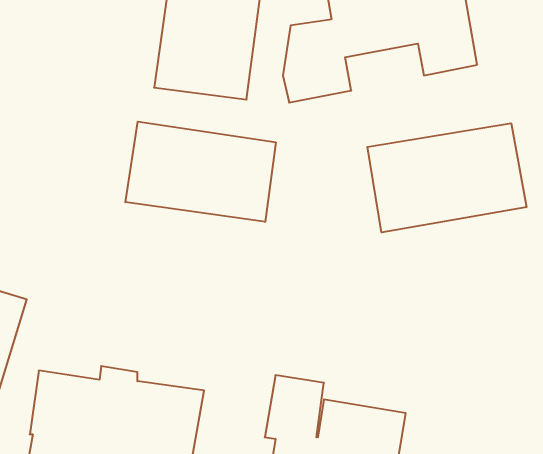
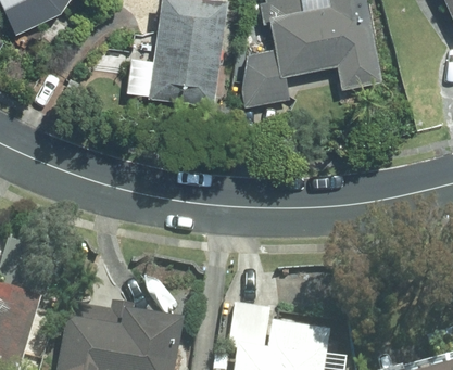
building: [125,122,276,222] -> none
building: [367,123,526,232] -> none

